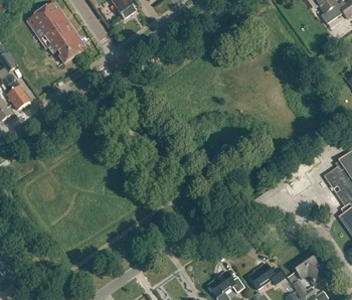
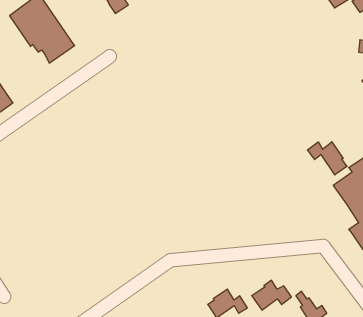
building: none -> [308,142,347,175]
building: [292,251,326,285] -> none

